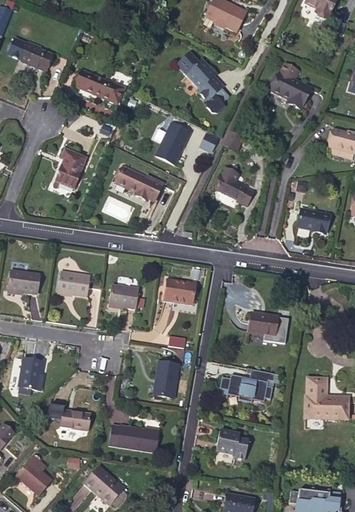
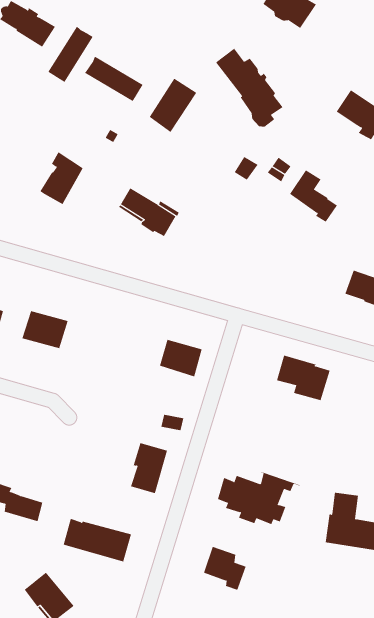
building: none -> [48,26,94,83]
building: [156,122,190,164] -> [149,78,197,133]
building: [215,166,253,204] -> [289,170,338,223]
building: [108,283,138,308] -> none
building: [249,311,289,342] -> [276,355,330,401]

